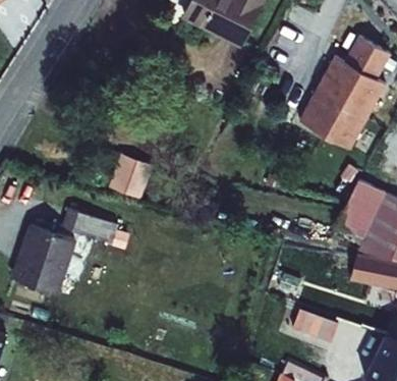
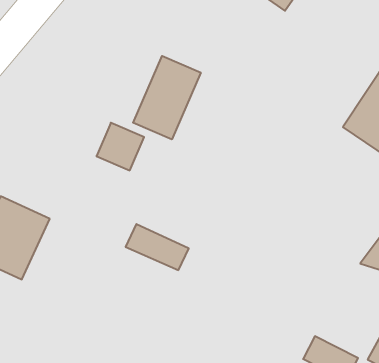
building: none -> [133,56,201,139]
building: [57,209,110,242] -> [126,224,189,270]

